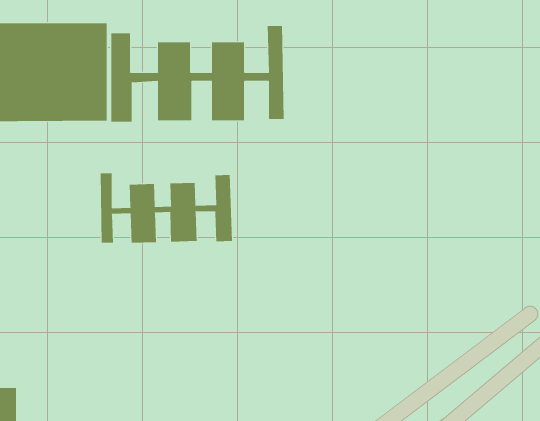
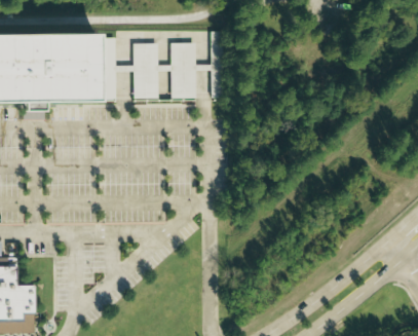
building: [100,172,232,244] -> none

